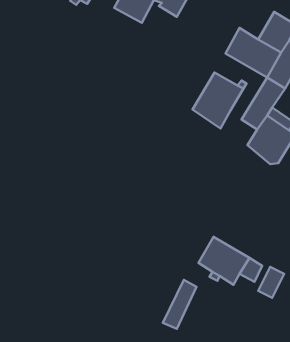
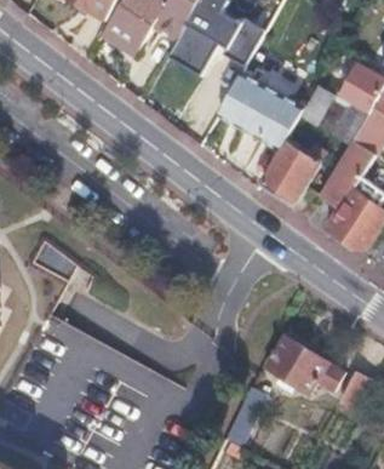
building: none -> [219,72,291,138]

